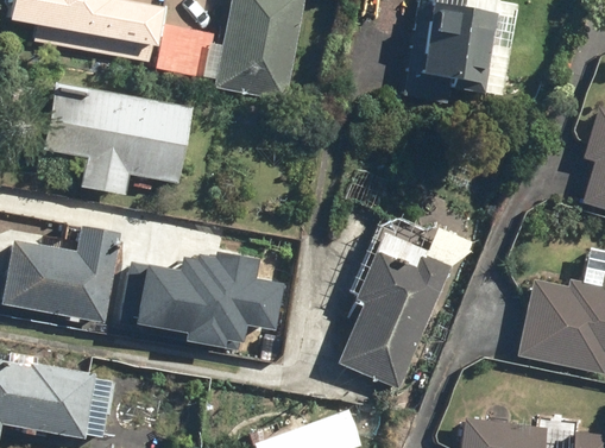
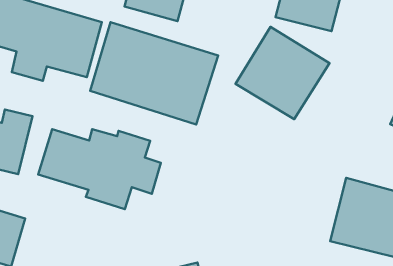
building: none -> [236,27,329,119]
building: none -> [90,22,218,124]
building: [333,215,467,390] -> none

